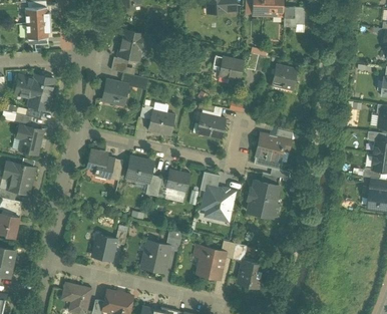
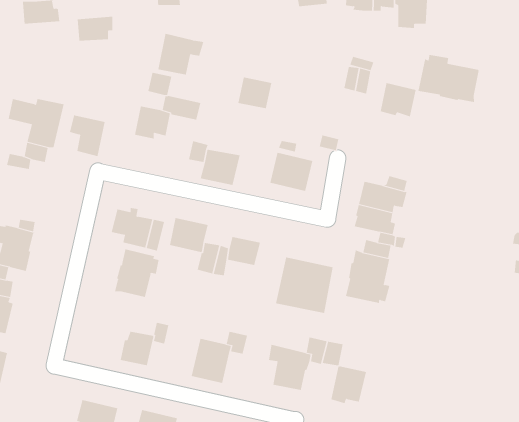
building: [26,22,51,39] -> [77,16,113,41]
building: none -> [418,54,480,103]
building: [219,57,243,79] -> [237,77,272,109]
building: [17,125,42,154] -> [69,115,106,157]
building: none -> [115,248,159,298]

